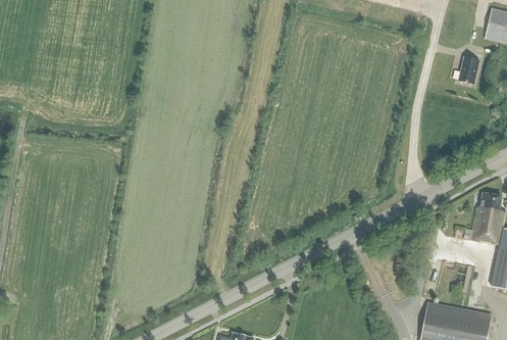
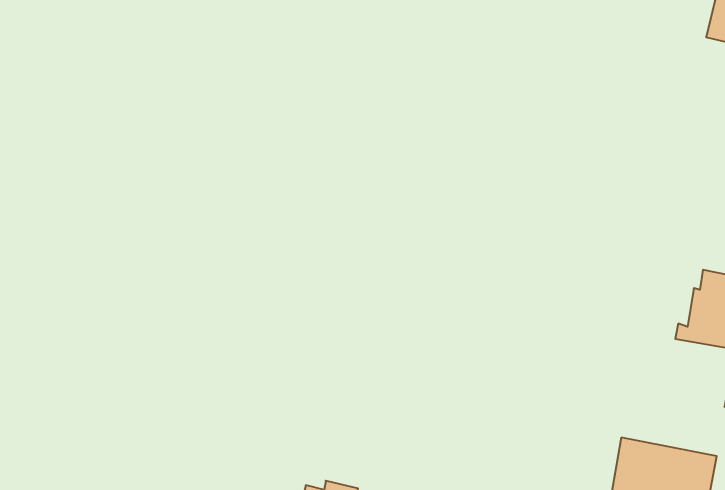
building: [457,56,478,84] -> none

